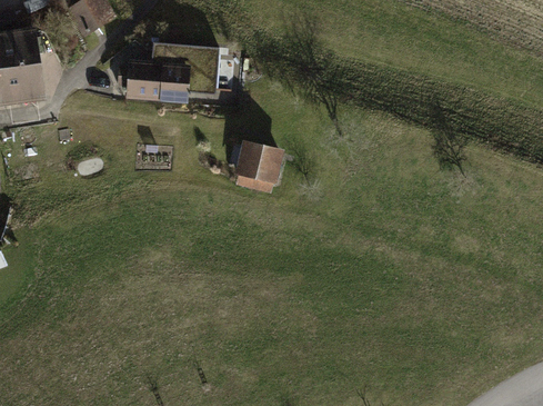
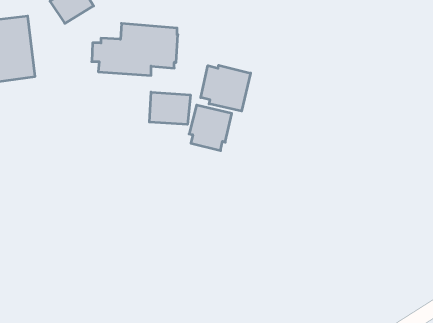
building: none -> [201,65,251,111]
building: none -> [149,92,190,124]

